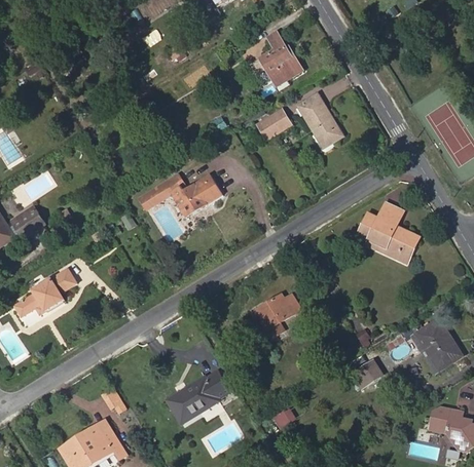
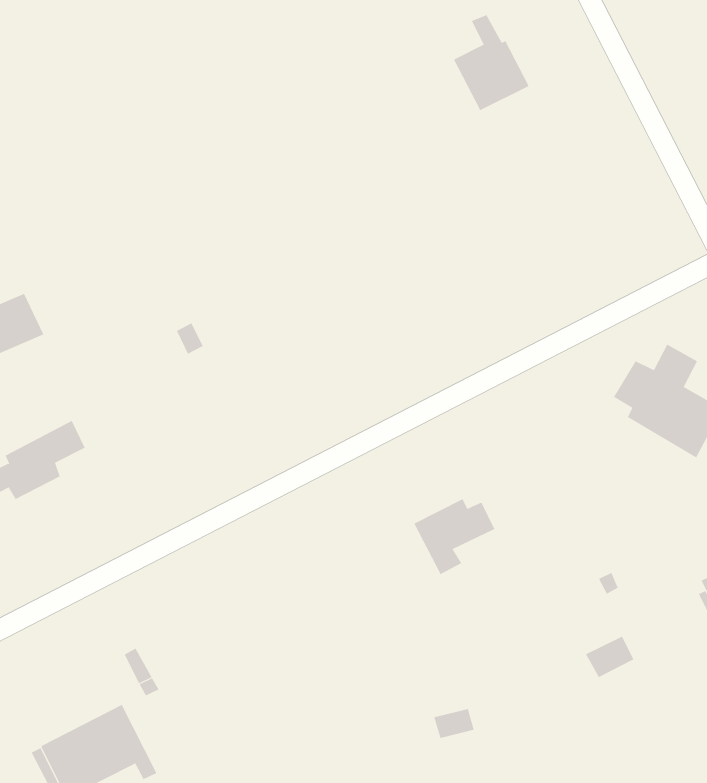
building: [297,94,341,146] -> none
building: [257,110,290,139] -> none
building: [140,174,221,215] -> none
building: [168,371,231,423] -> none

